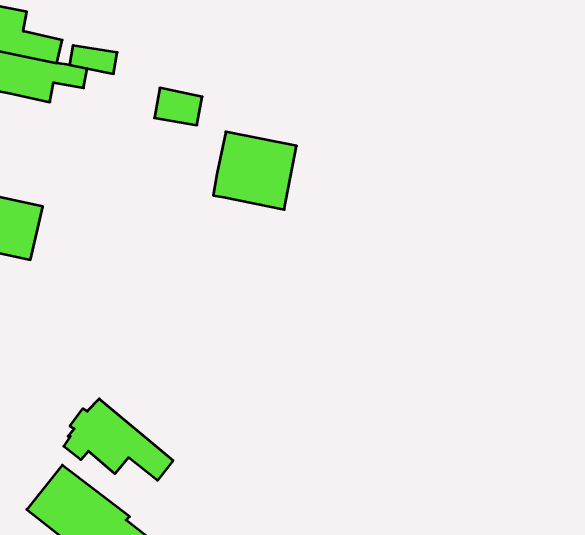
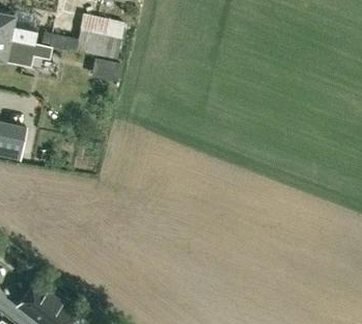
building: [213,132,297,210] -> [76,15,124,60]
building: [64,399,173,480] -> none

